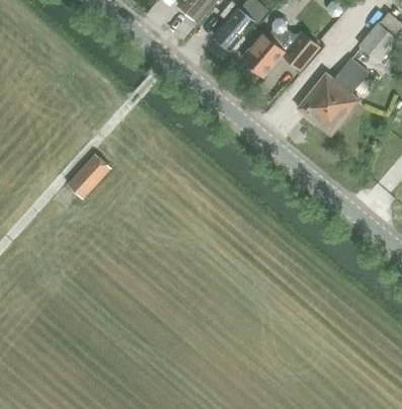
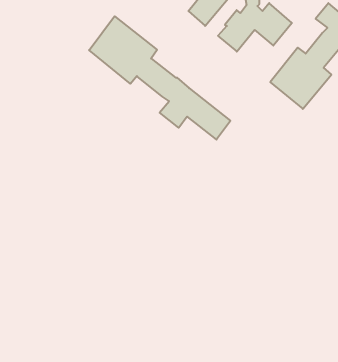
building: none -> [89,16,230,140]
building: [65,151,111,198] -> none

